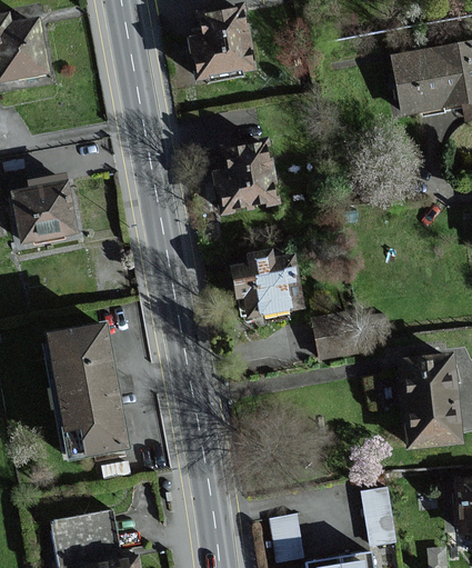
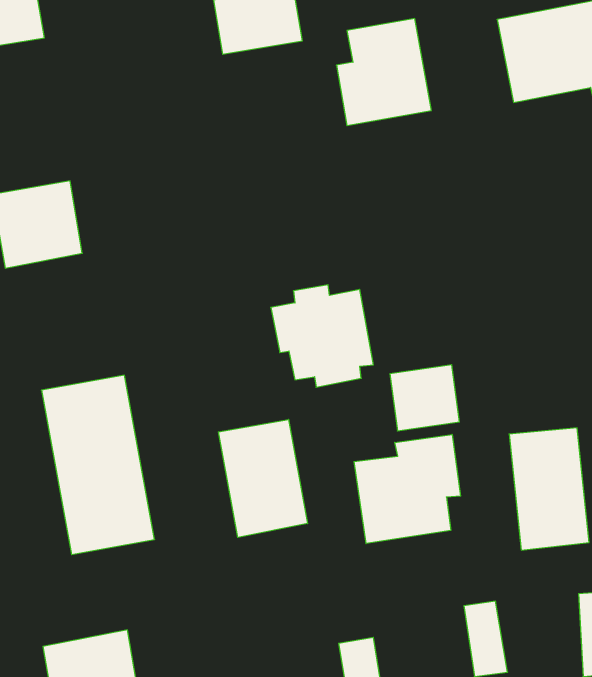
building: [202,141,272,220] -> [336,19,431,126]
building: none -> [218,419,308,537]
building: none -> [354,434,461,544]

